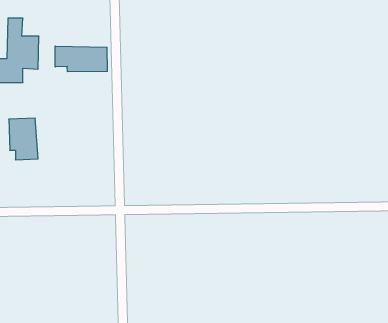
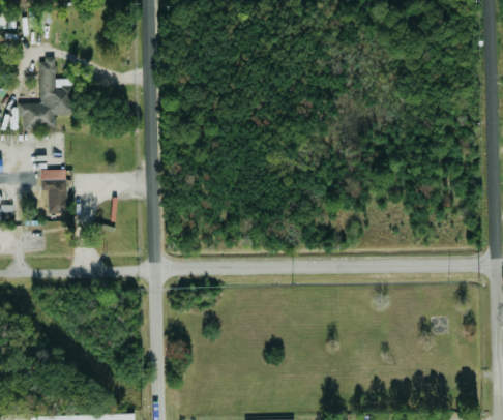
building: [55,46,107,72] -> none

